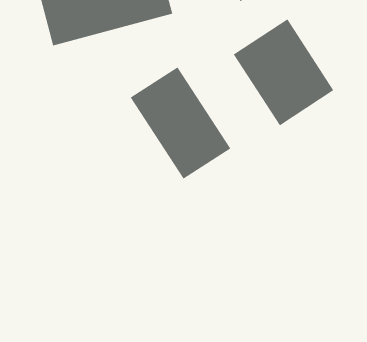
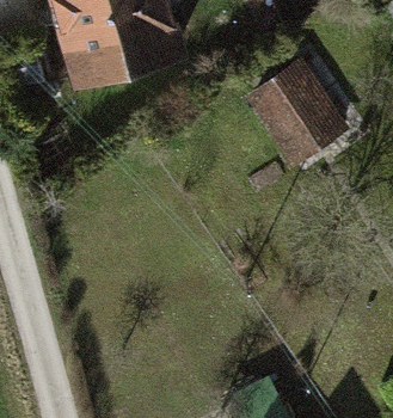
building: [130,66,231,179] -> none

